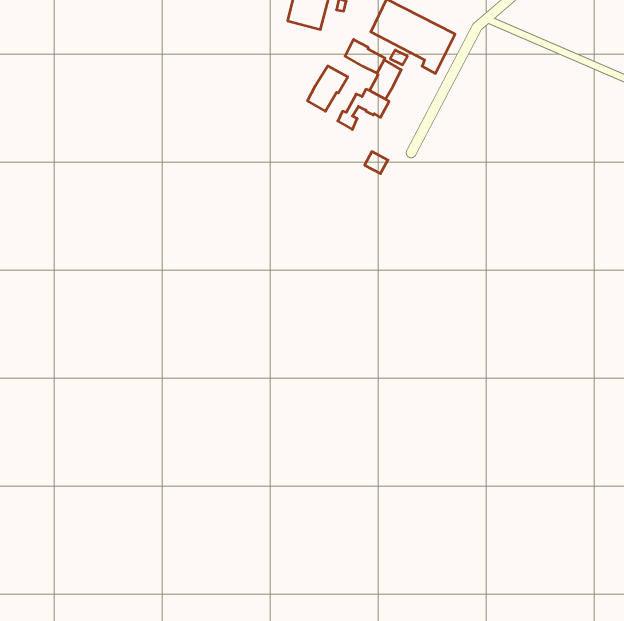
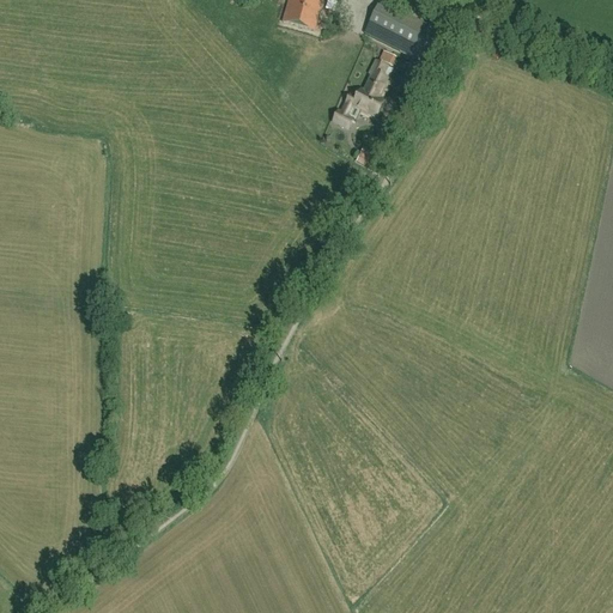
building: [345,39,385,73] -> none
building: [308,66,348,111] -> none

